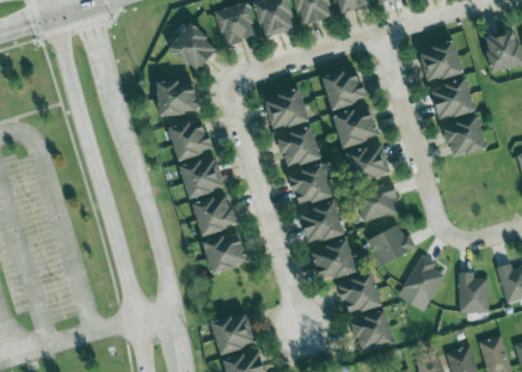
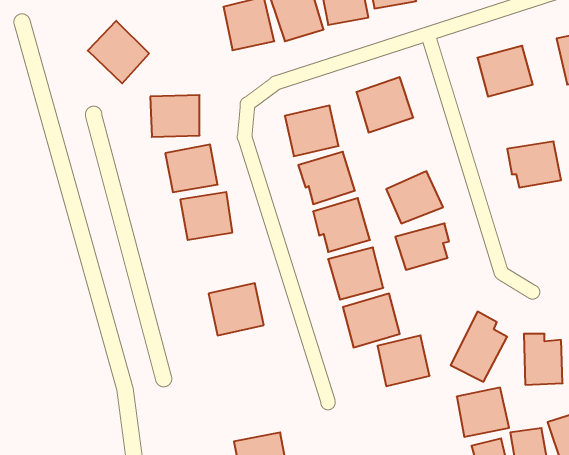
building: [171,23,220,73] -> [88,21,149,83]
building: [431,78,478,121] -> none
building: [334,105,381,150] -> none
building: [194,194,239,237] -> none
building: [367,225,416,267] -> none
building: [354,312,395,352] -> [457,388,509,437]
building: [214,315,258,354] -> none

